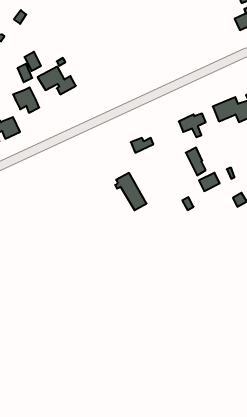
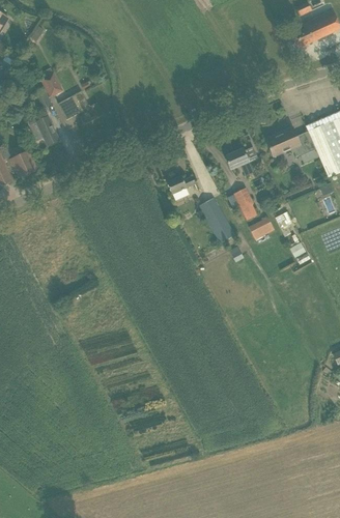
building: [115,173,147,210] -> [197,198,234,242]

